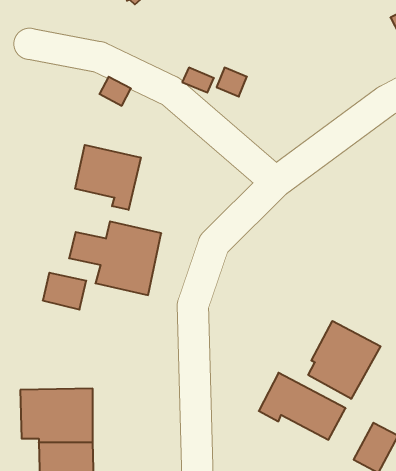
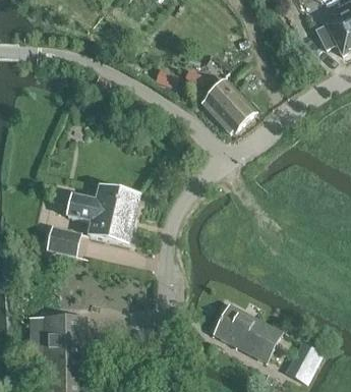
building: none -> [201,79,255,131]
building: [75,145,141,210] -> none
building: [308,321,381,399] -> none

